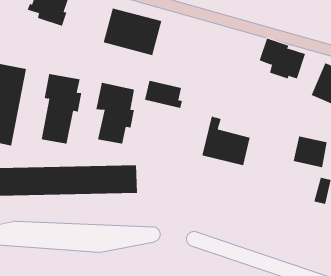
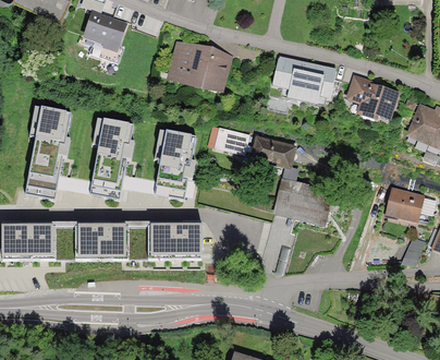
building: none -> [269,53,335,108]
building: none -> [254,136,297,166]

